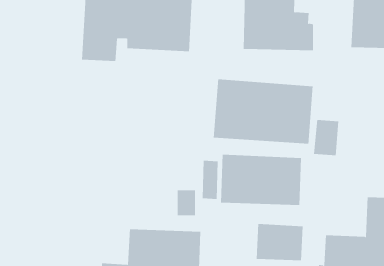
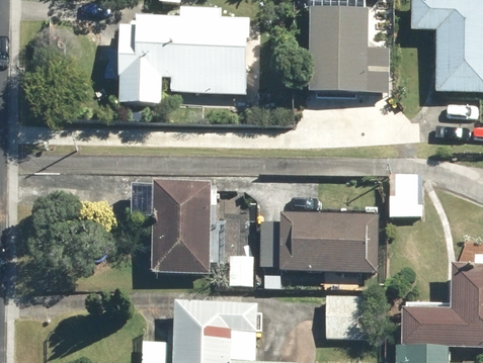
building: [213,78,313,144] -> none
building: none -> [132,181,212,273]

